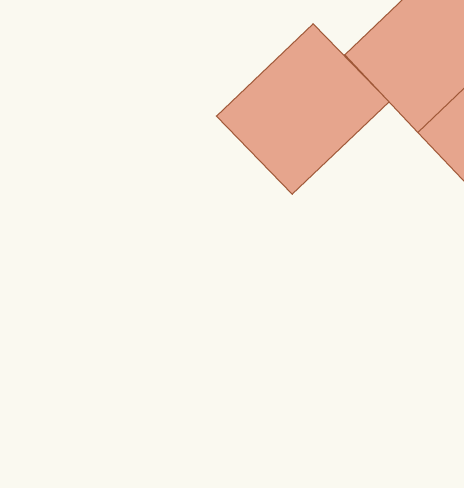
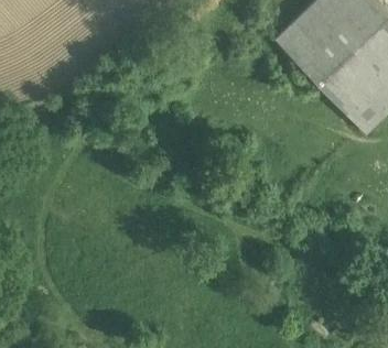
building: [216,24,389,194] -> none

